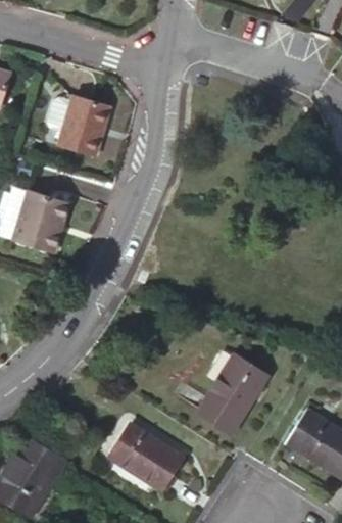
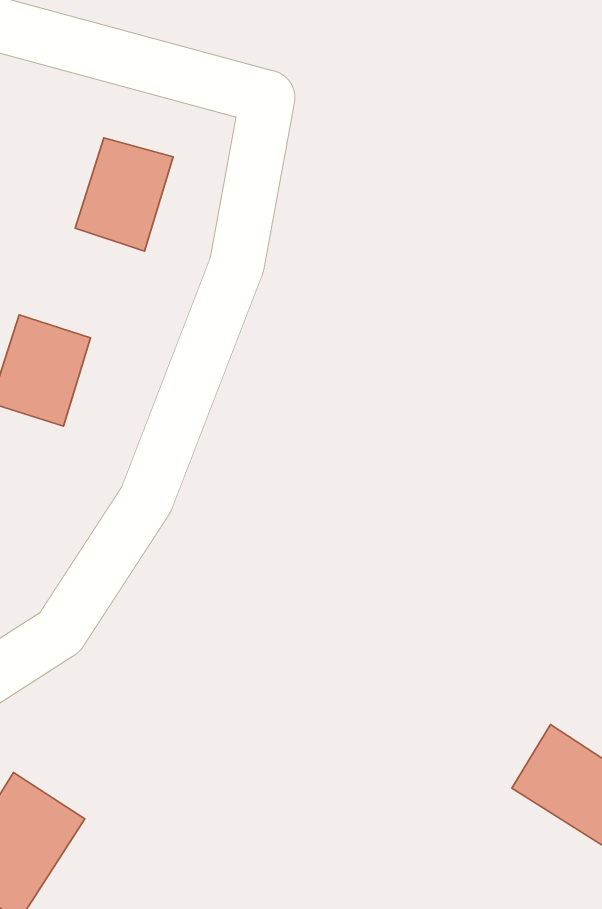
building: [198,352,265,432] -> none
building: [105,423,181,490] -> none

